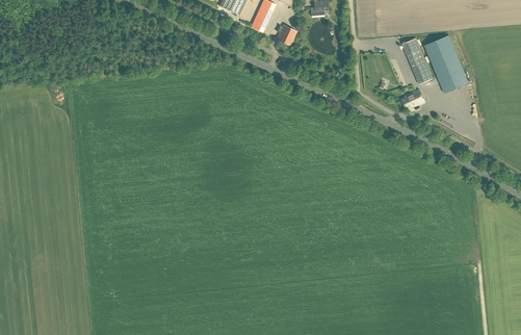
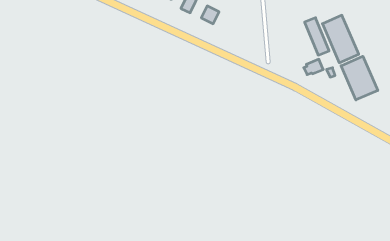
building: none -> [341,56,378,100]

